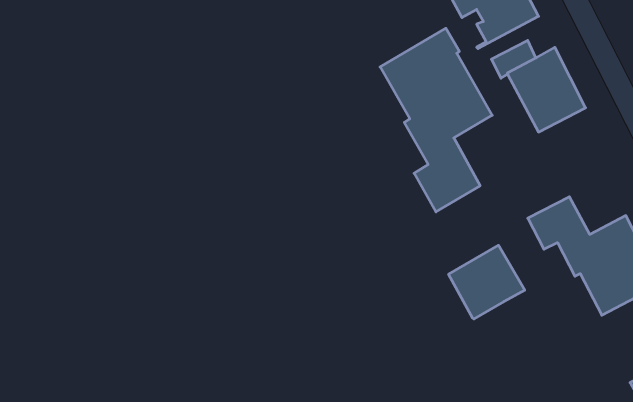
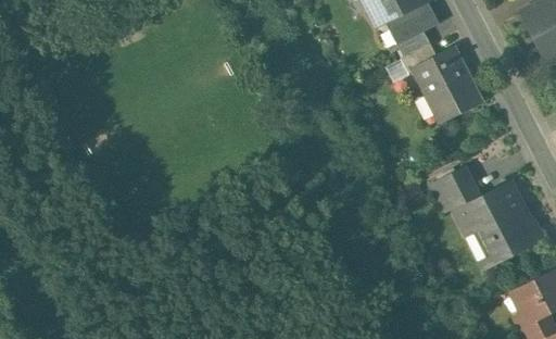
building: [380,28,492,212] -> none
building: [449,245,525,319] -> none

